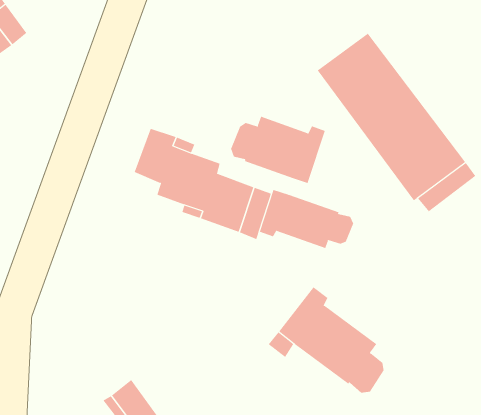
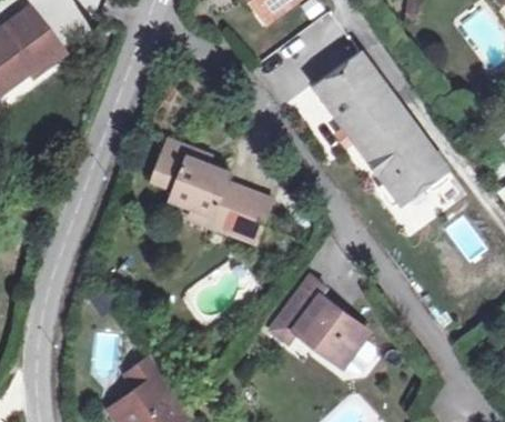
building: [230,116,325,184] -> none
building: [259,189,354,249] -> none

